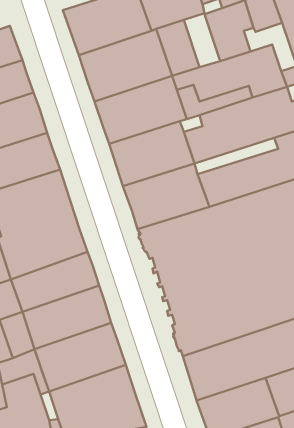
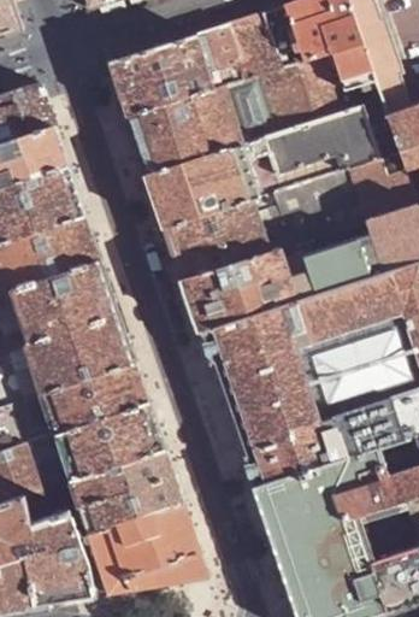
building: none -> [254,67,299,134]

